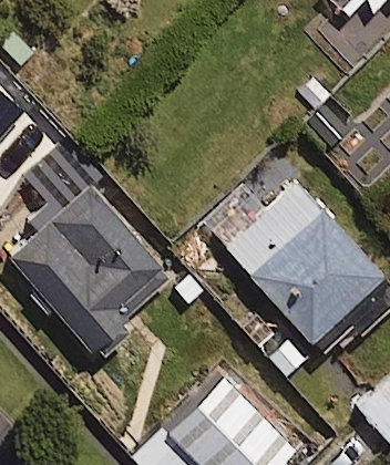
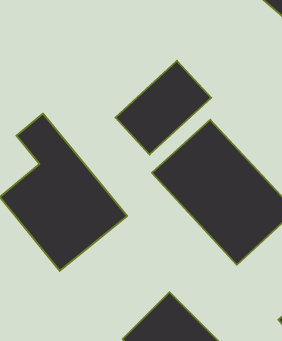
building: none -> [115,61,211,155]

